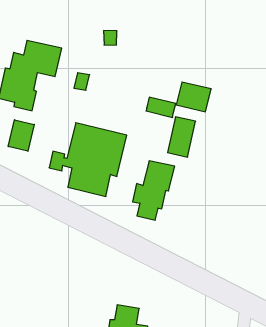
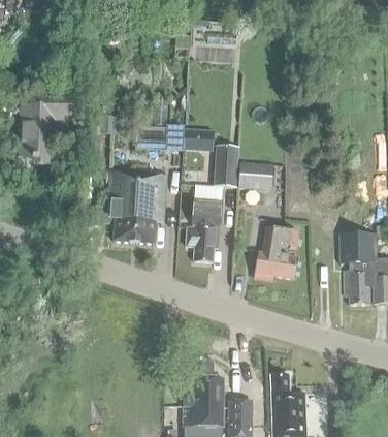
building: [176,82,211,112] -> [238,162,273,190]
building: [8,120,34,151] -> none
building: none -> [253,230,298,280]

